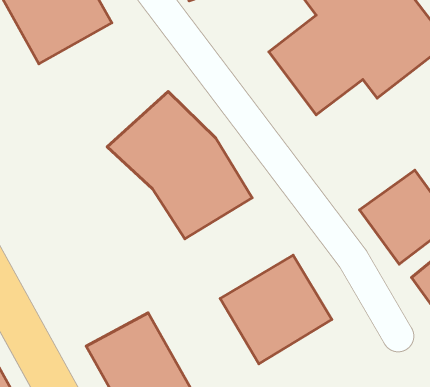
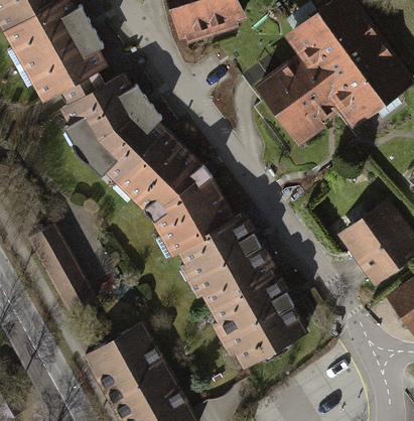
building: none -> [56,76,161,180]
building: none -> [176,220,275,313]
building: none -> [26,224,97,314]

